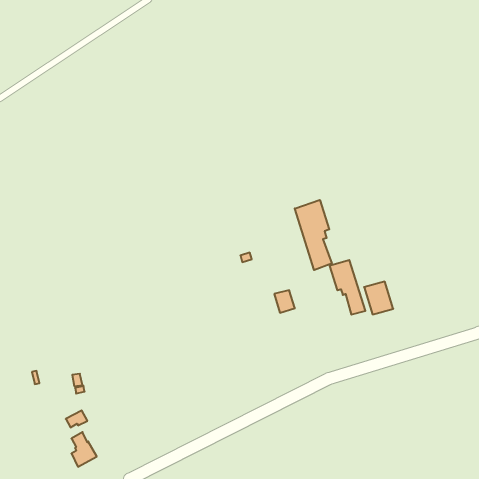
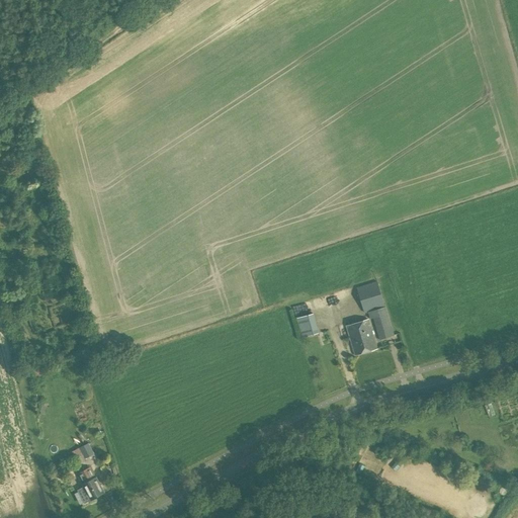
building: [295,200,332,270] -> none
building: [364,282,393,314] -> [344,319,375,354]

